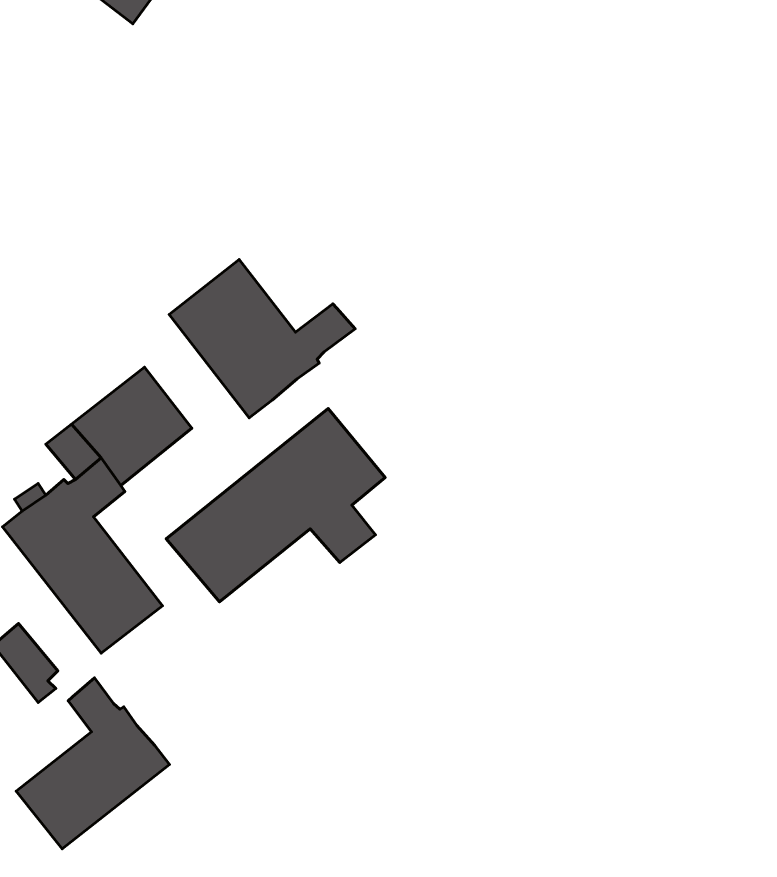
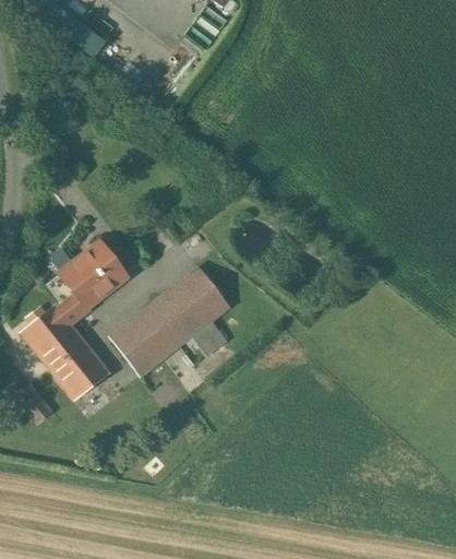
building: [169,260,355,418] -> none
building: [16,678,170,849] -> none

